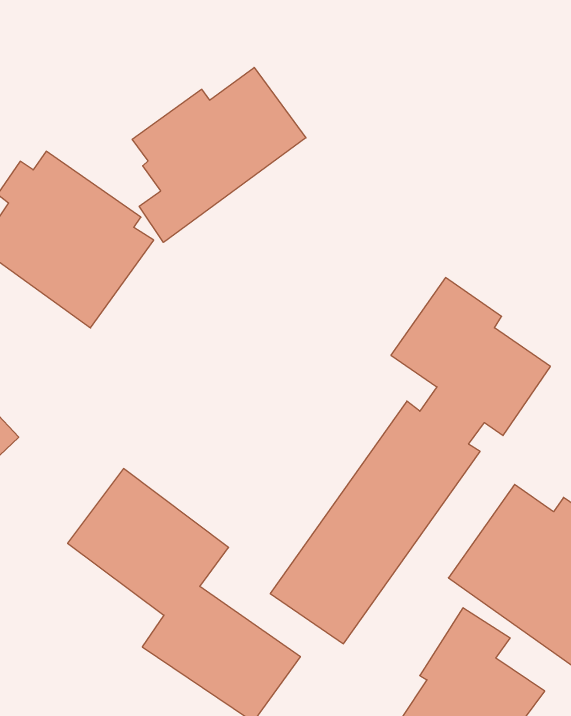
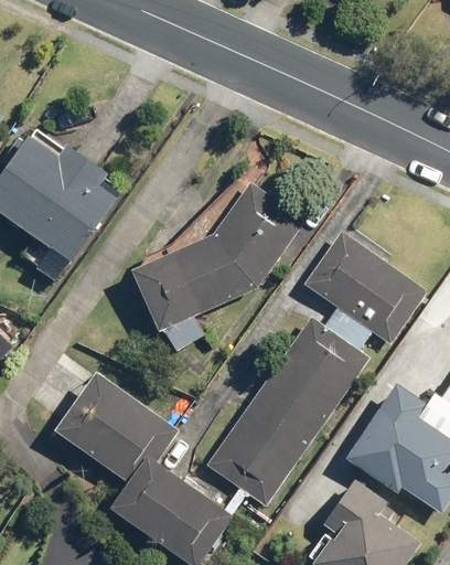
building: [132,67,306,242] -> none
building: none -> [131,183,304,350]

